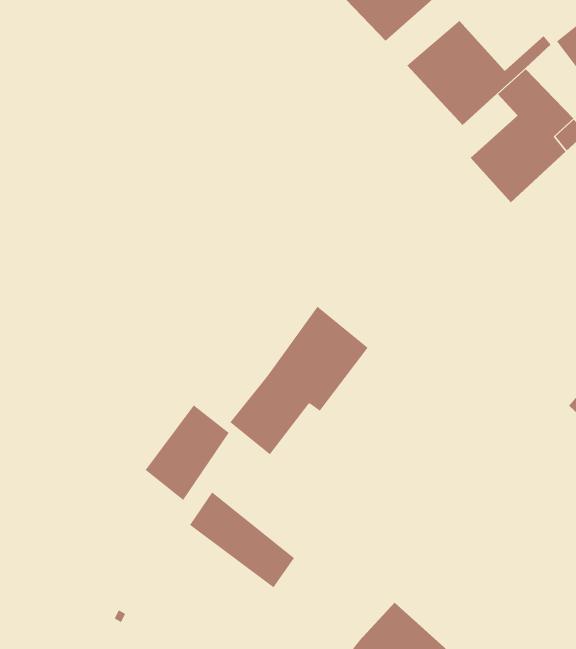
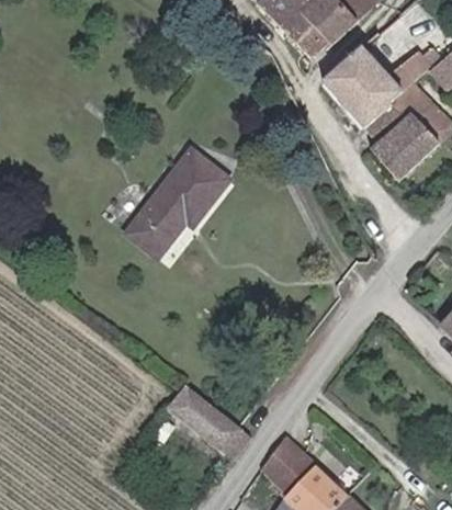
building: [230,306,368,455] -> [135,137,236,246]
building: [145,404,229,501] -> none
building: none -> [262,440,316,497]

